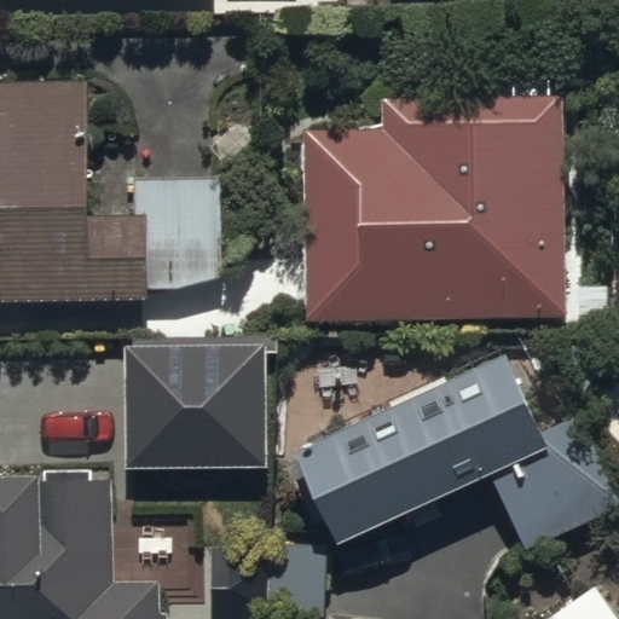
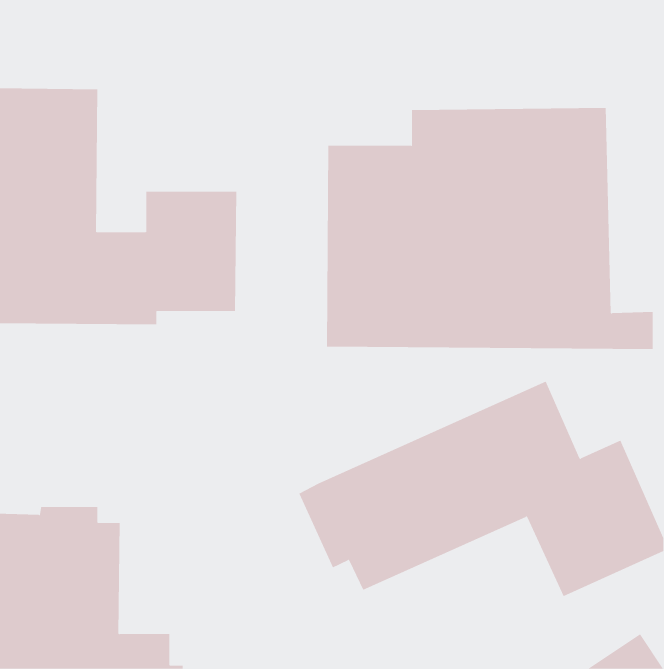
building: [129,342,271,473] -> none

